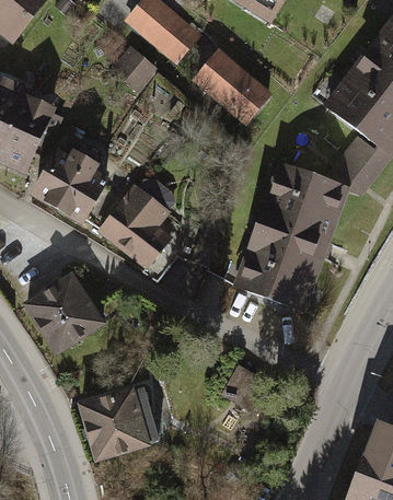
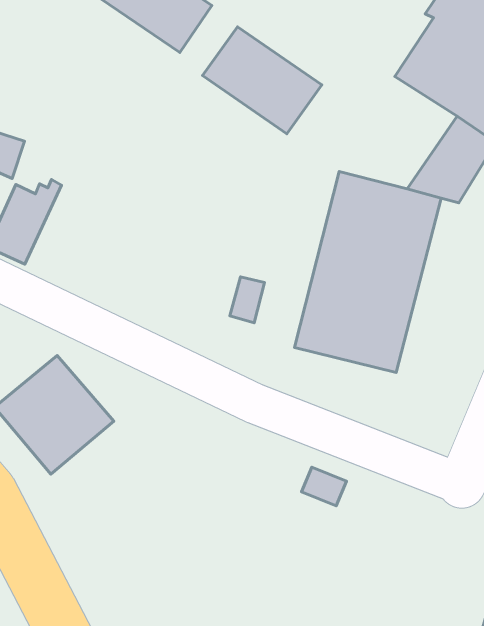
building: [112,49,159,95] -> none
building: [54,152,104,220] -> none
building: [96,175,174,267] -> none
building: [80,381,159,455] -> none

